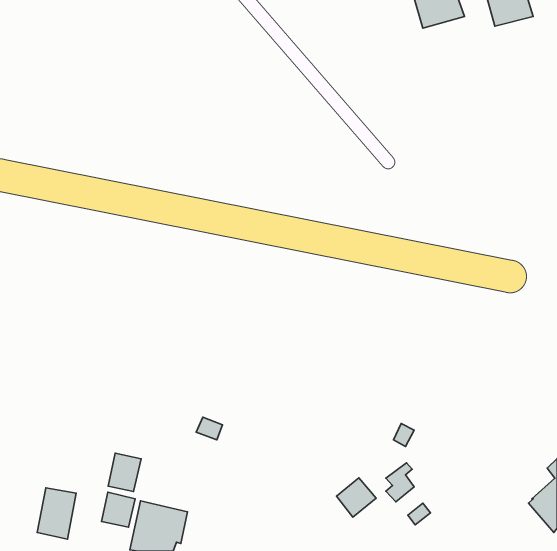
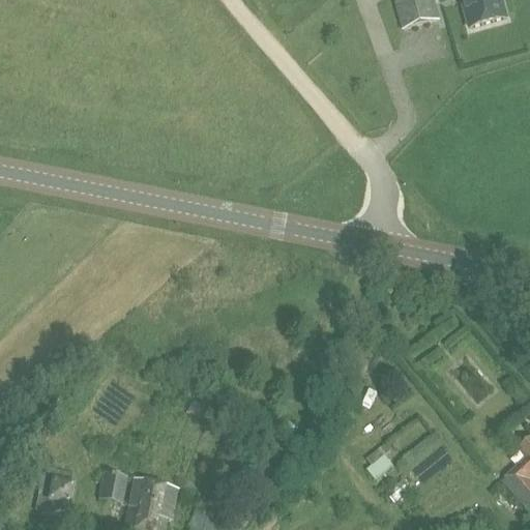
building: [108,453,141,491] -> none
building: [336,478,376,517] -> none

